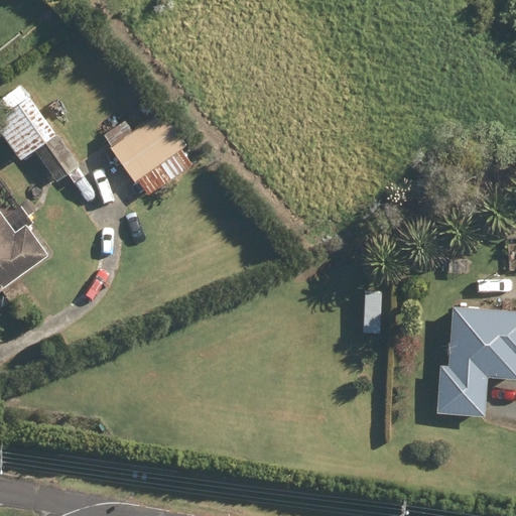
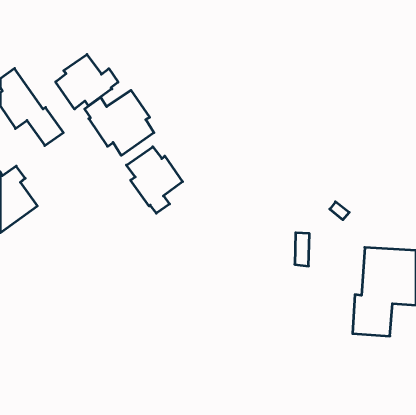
building: none -> [56,54,118,109]
building: none -> [126,147,183,213]

